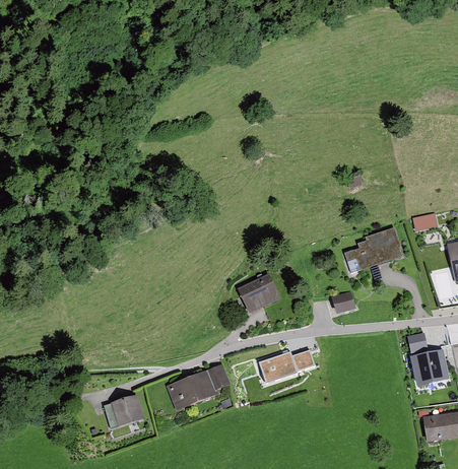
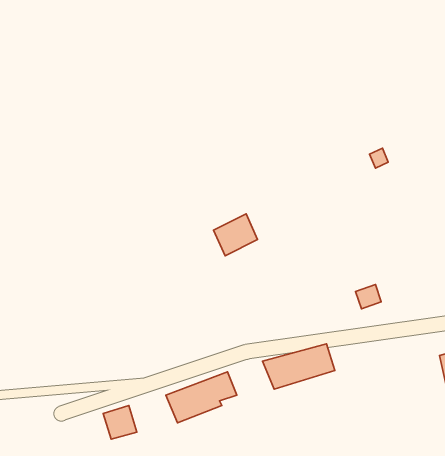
building: [345,226,402,269] -> none
building: [239,274,277,311] -> [213,214,258,256]

